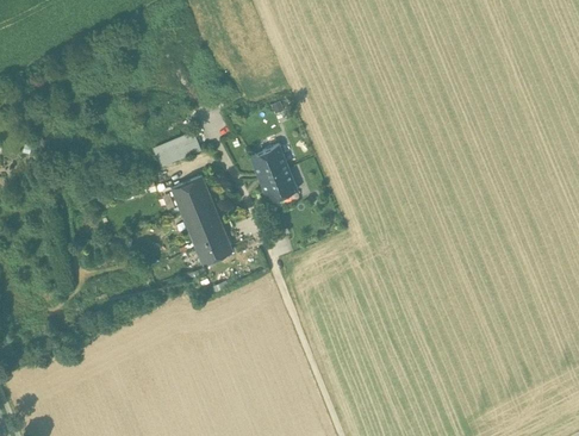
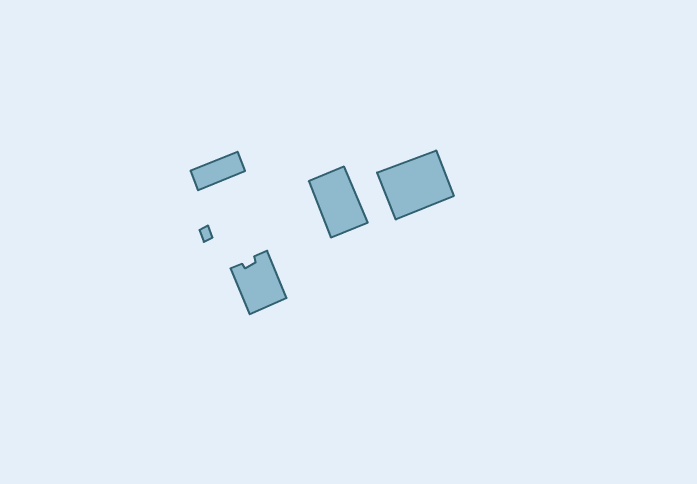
building: none -> [377,150,454,220]
building: [172,176,217,228] -> none

